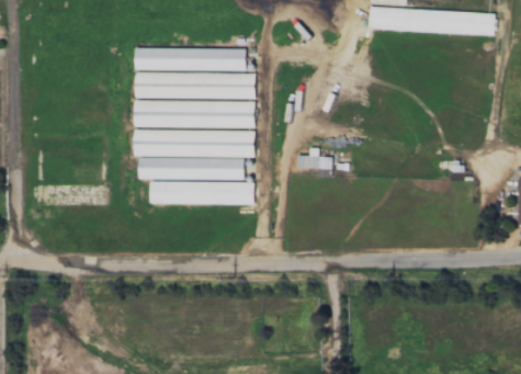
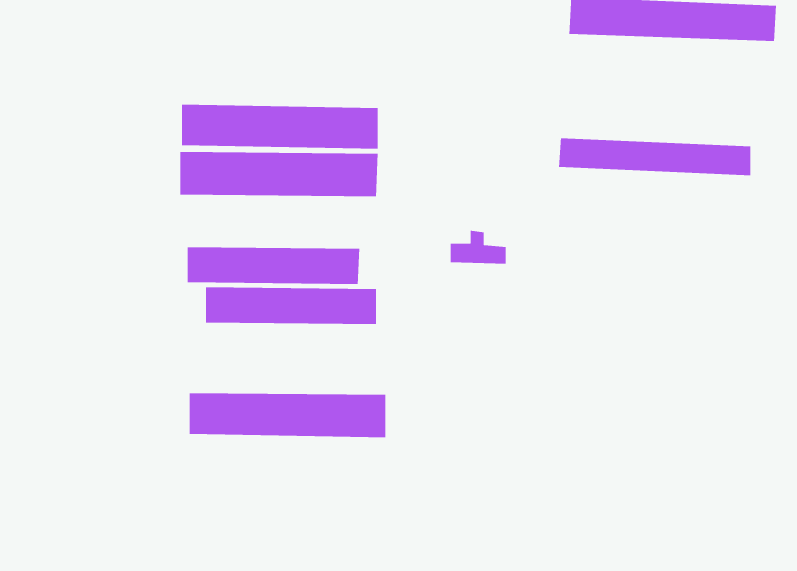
building: [135,47,245,70] -> none
building: none -> [558,137,751,176]
building: [135,129,253,157] -> [189,392,386,438]

